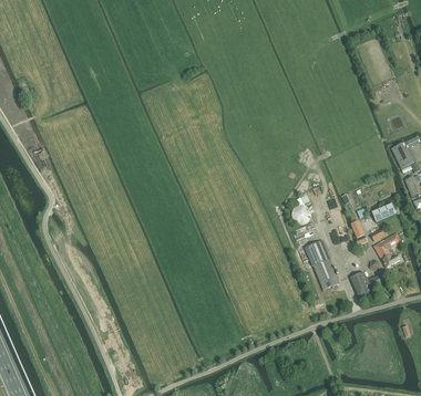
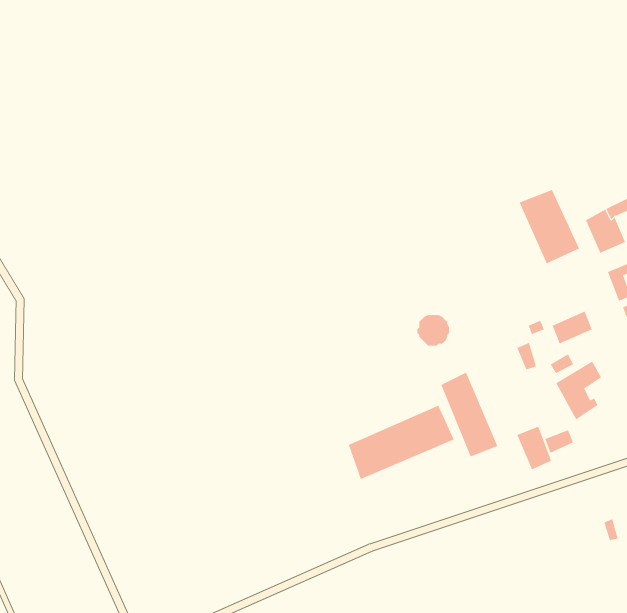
building: none -> [519,189,580,264]
building: none -> [348,405,454,480]

